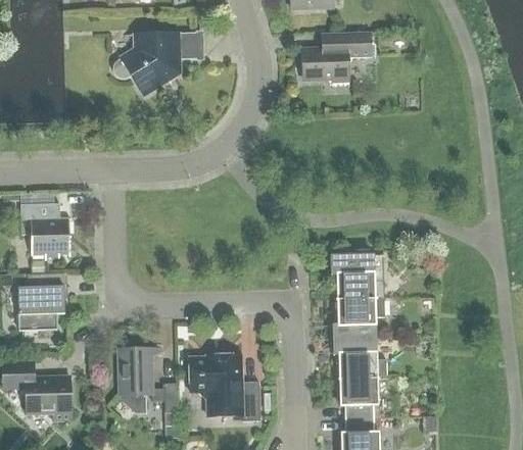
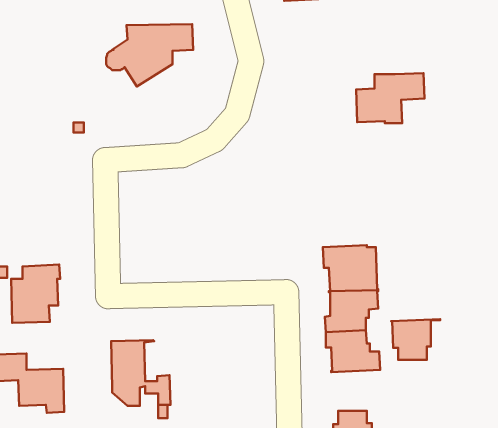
building: [303,32,372,82] -> [356,73,425,123]
building: [20,203,72,260] -> none
building: [189,354,260,421] -> none
building: [338,378,387,418] -> [391,319,440,360]

